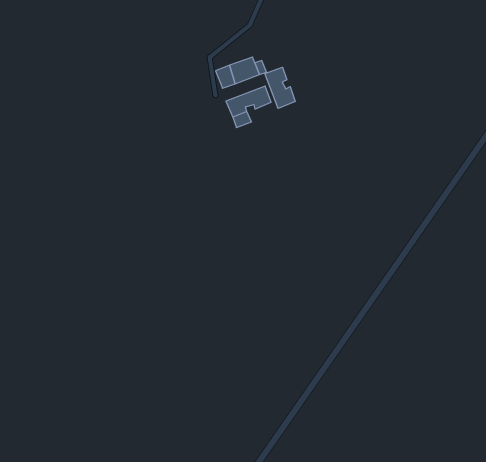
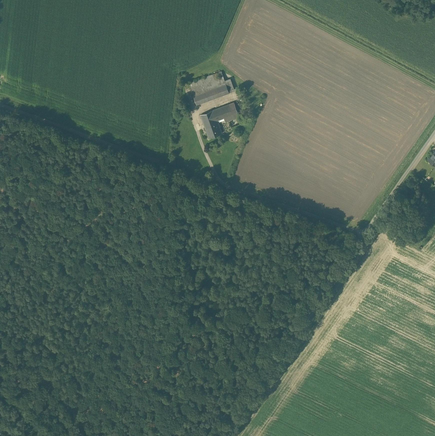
building: [265,67,295,108] -> none

